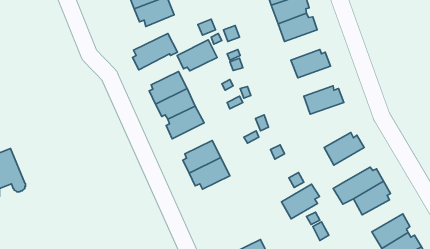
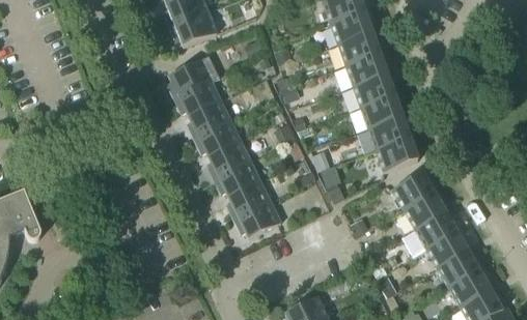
building: none -> [345,51,390,86]
building: [177,40,217,71] -> [174,79,221,115]
building: none -> [361,93,405,128]
building: none -> [376,136,420,172]
building: none -> [214,159,260,196]
building: [281,184,319,219] -> [404,188,448,229]
building: none -> [437,250,484,287]

